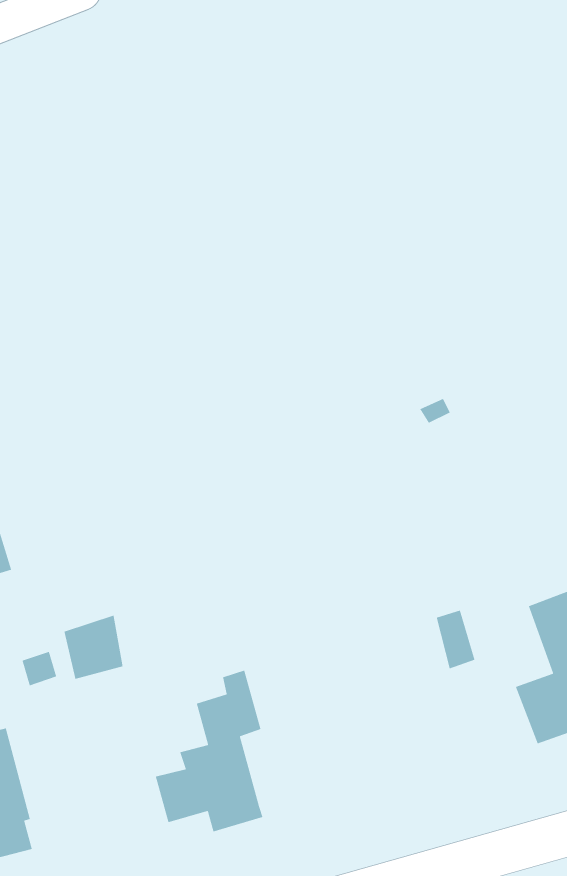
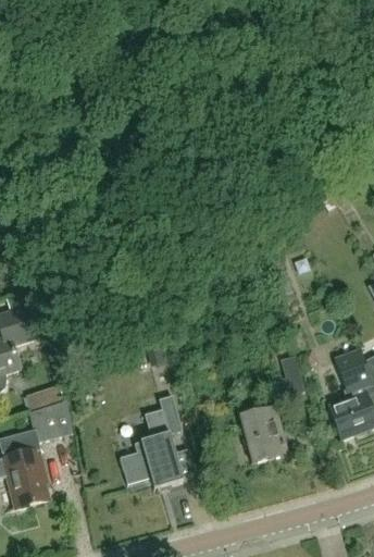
building: [64,614,124,680] -> [36,399,71,437]
building: none -> [239,406,288,461]

